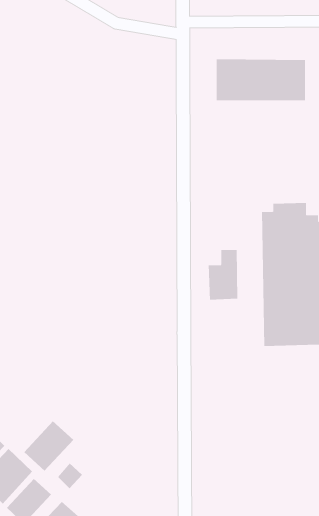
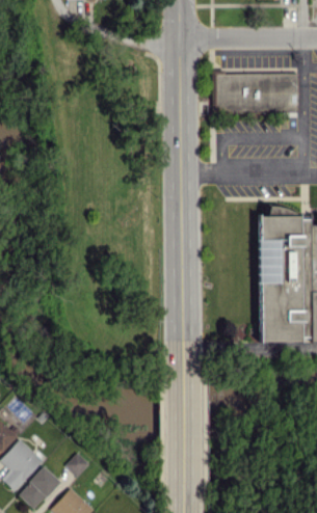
building: [208,249,238,300] -> none
building: [24,421,74,472] -> none

